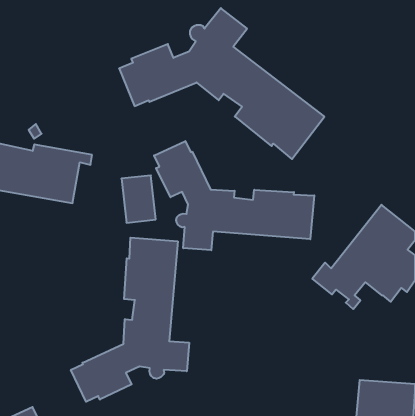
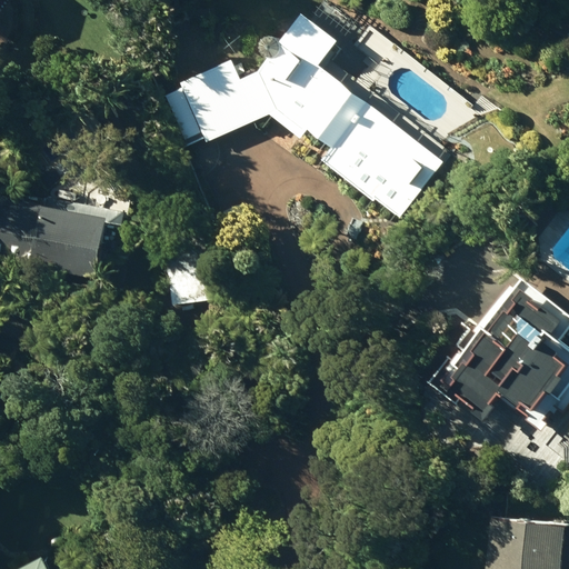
building: [154,141,314,250] -> none
building: [71,238,189,402] -> none

